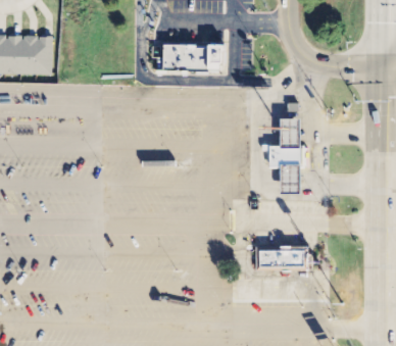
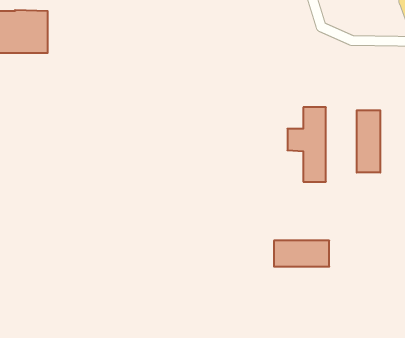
building: [160,45,224,71] -> none
building: none -> [357,110,380,173]

